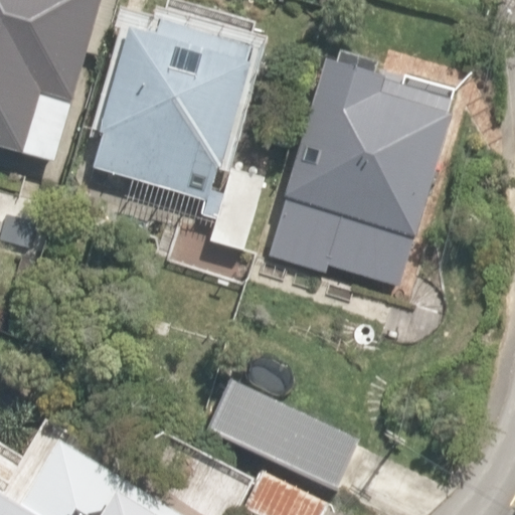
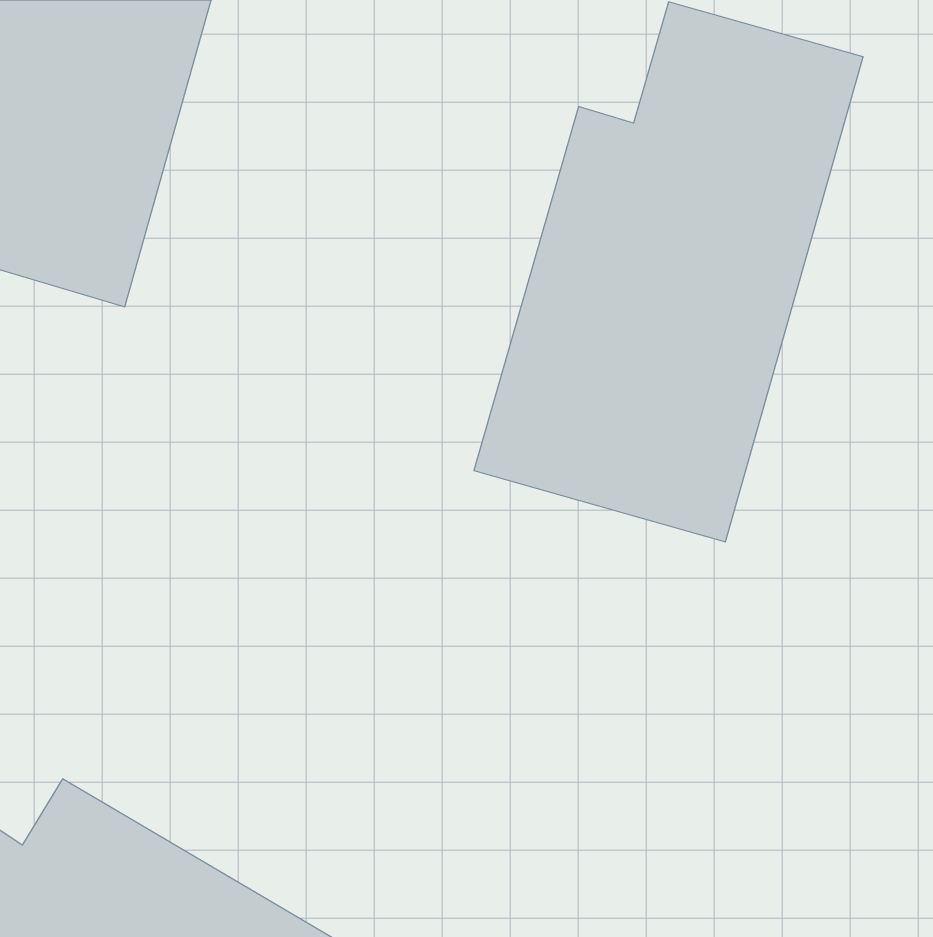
building: [91,8,253,202] -> none
building: [190,367,368,484] -> none

